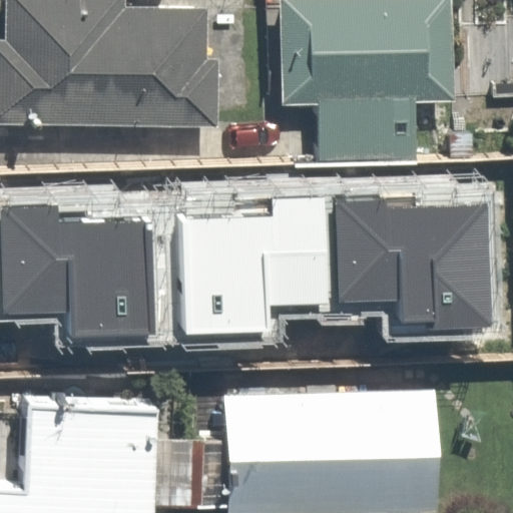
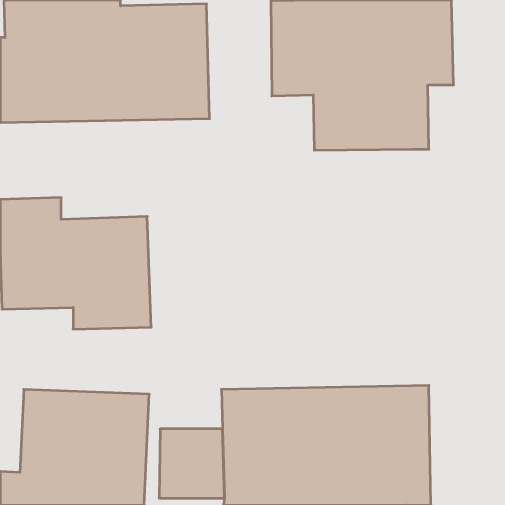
building: [178,197,327,333] -> none
building: [338,198,492,330] -> none

